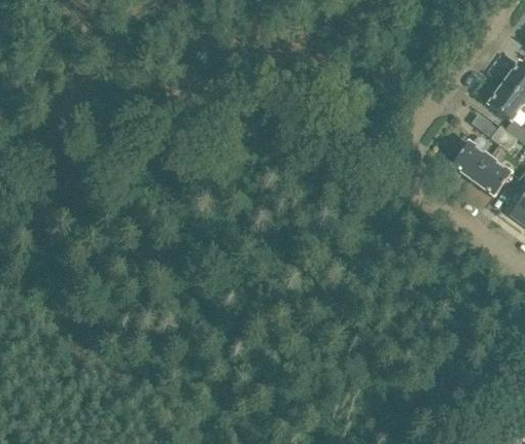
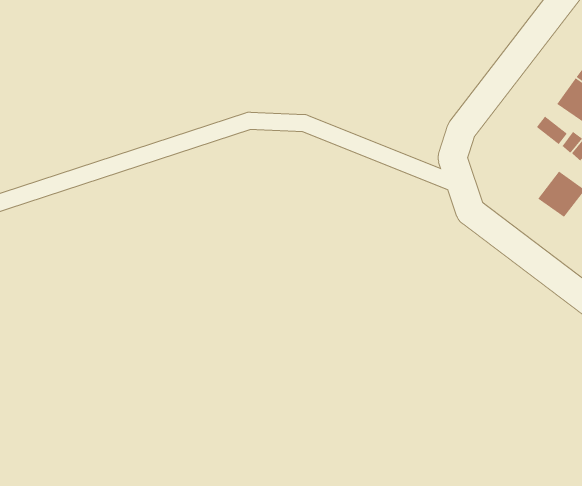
building: [451,141,489,179] -> none

